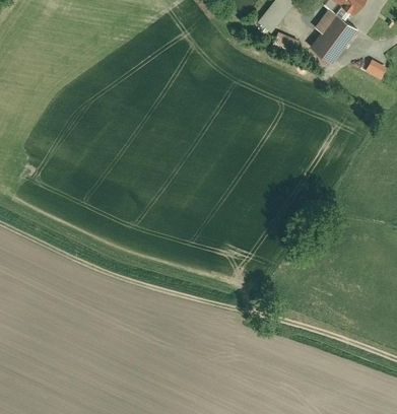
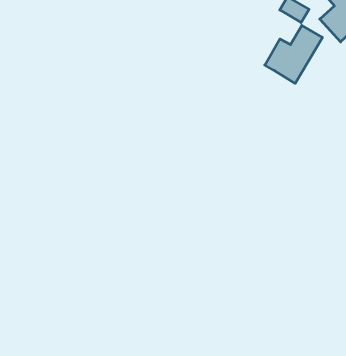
building: none -> [265,25,322,83]

